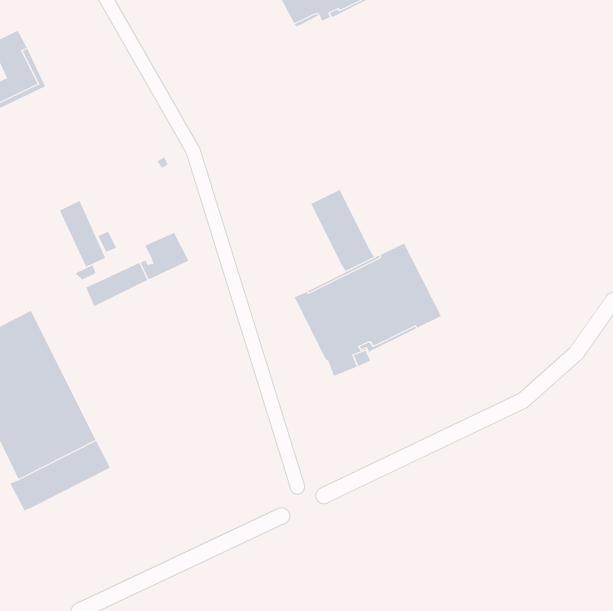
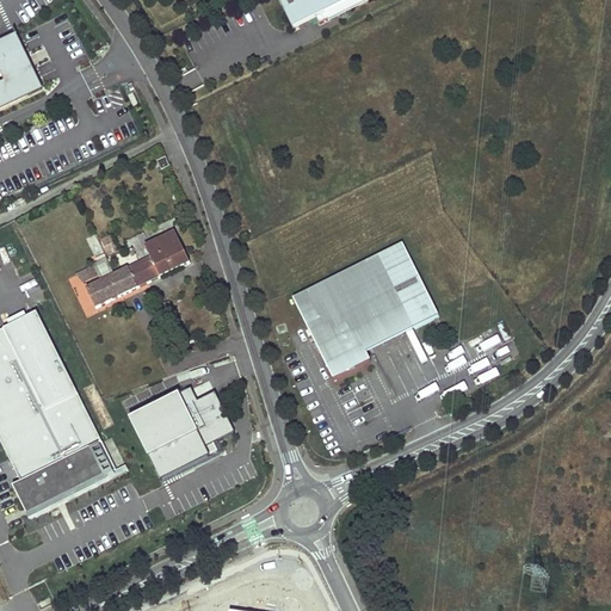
building: [310,189,375,272] -> none
building: [59,200,106,268] -> none
building: none -> [130,385,235,475]

